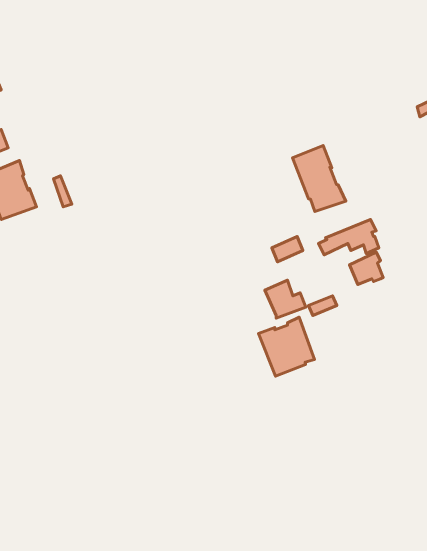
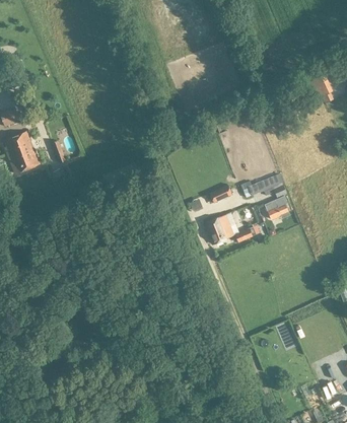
building: [292,145,346,212] -> none
building: [258,317,314,376] -> none

